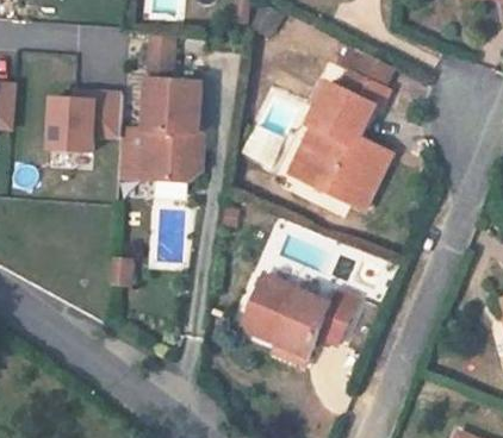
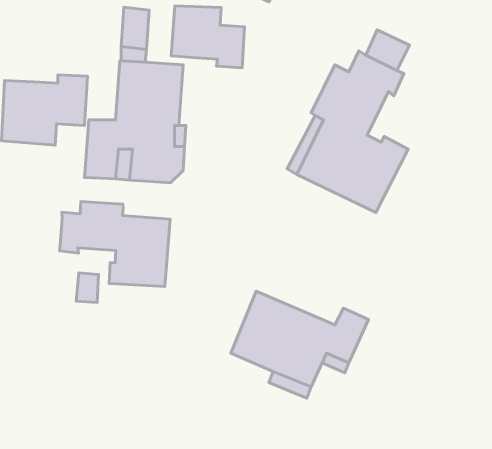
building: none -> [171,6,245,68]
building: none -> [59,202,170,287]

